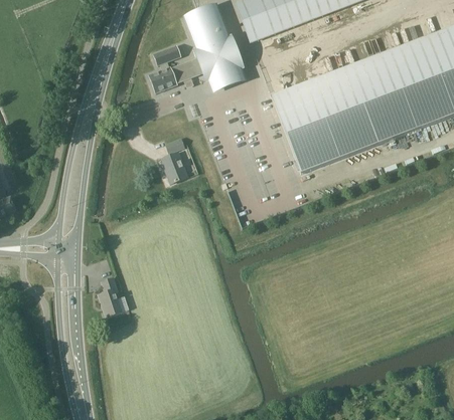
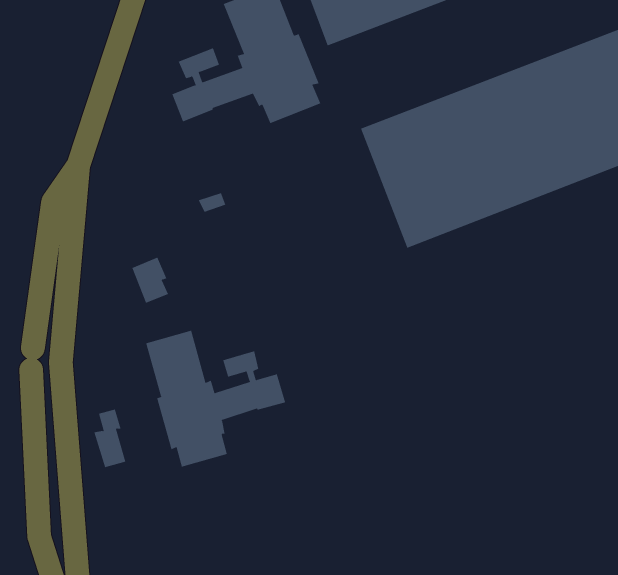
building: [162,151,186,181] -> [131,257,169,304]
building: none -> [145,330,286,468]

